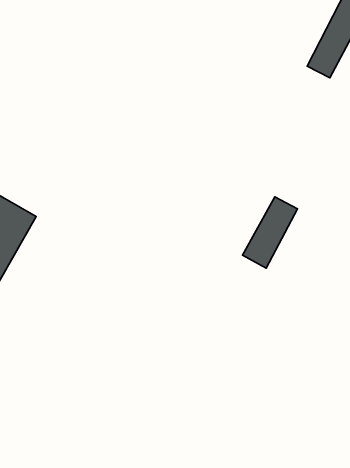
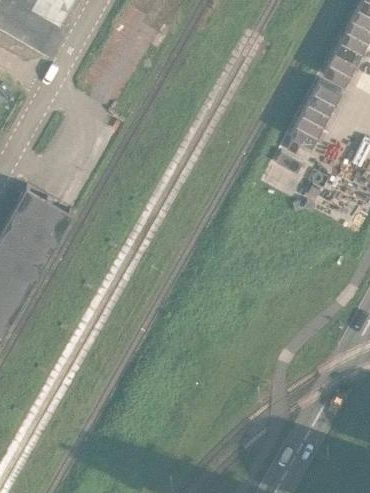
building: [242,197,297,268] -> [284,91,335,157]

